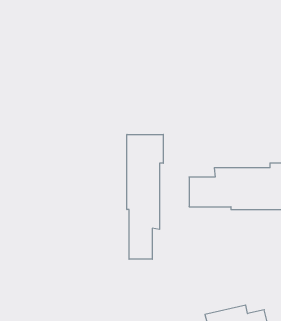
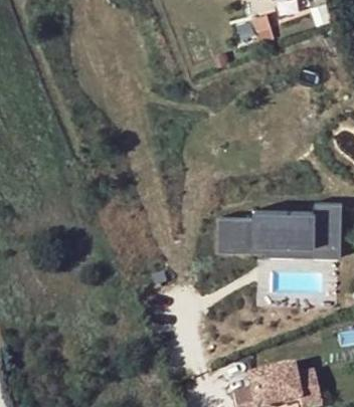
building: [127,134,163,259] -> none

